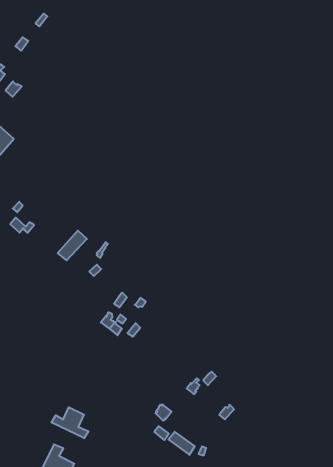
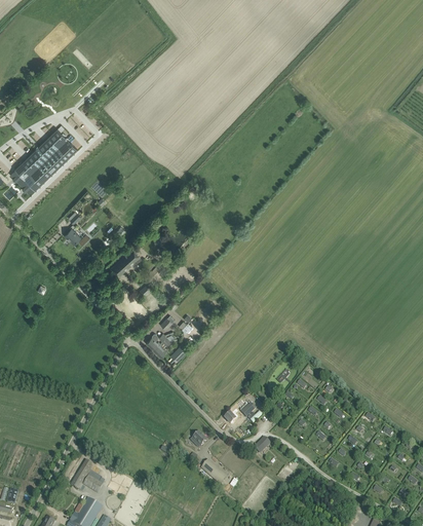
building: [51,407,88,438] -> none

